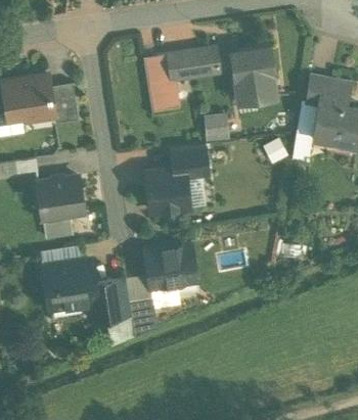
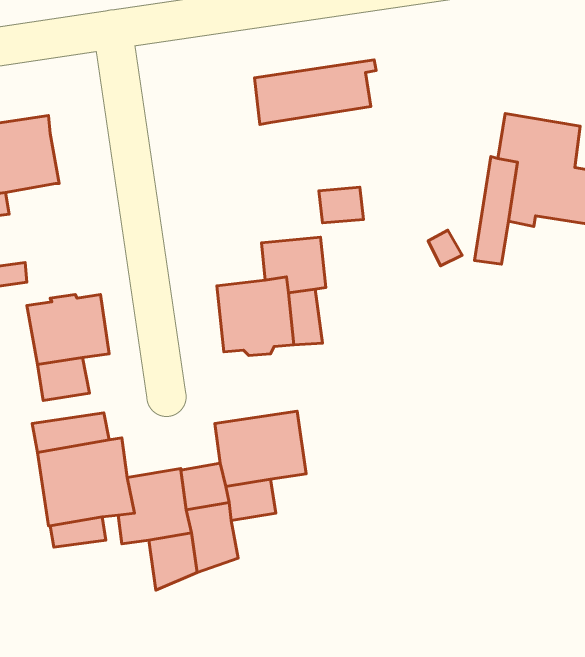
building: [230,45,276,102] -> none
building: [143,54,181,115] -> none
building: [50,82,78,123] -> none

